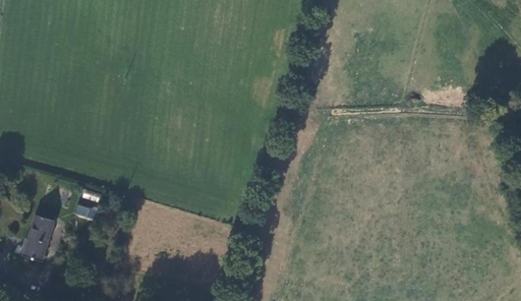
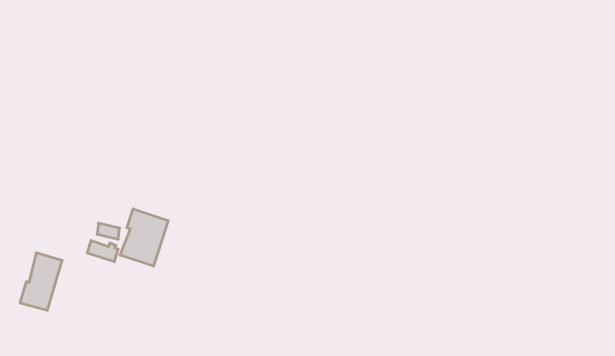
building: none -> [120,209,168,266]

